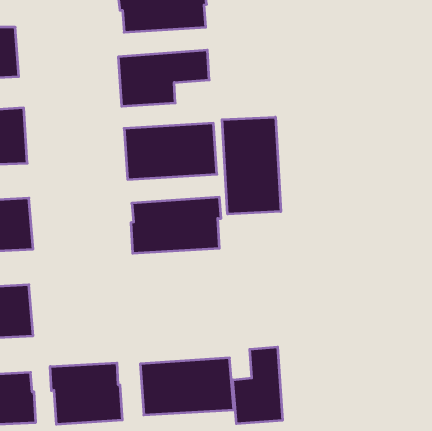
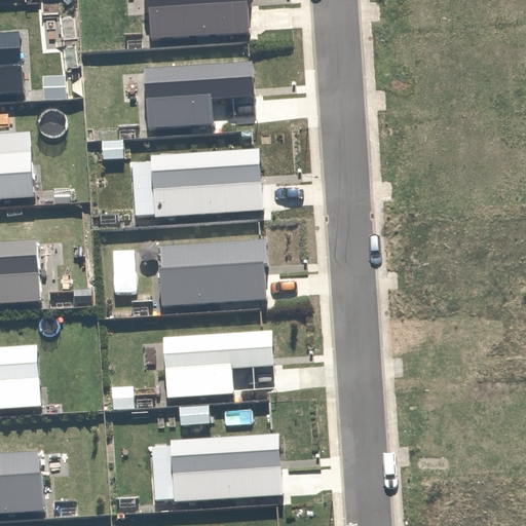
building: [222,117,281,214] -> none
building: none -> [162,330,273,398]
building: [233,347,282,424] -> none
building: [50,363,122,424] -> none

